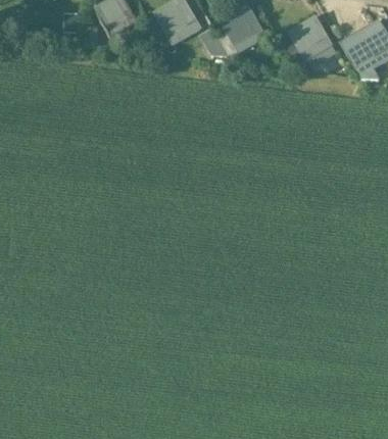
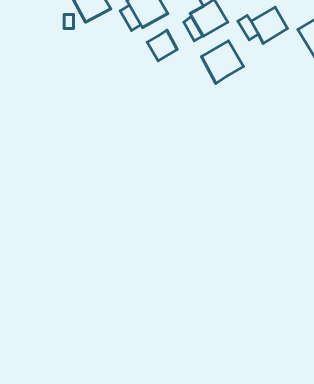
building: none -> [147,30,177,61]
building: none -> [201,41,243,83]

